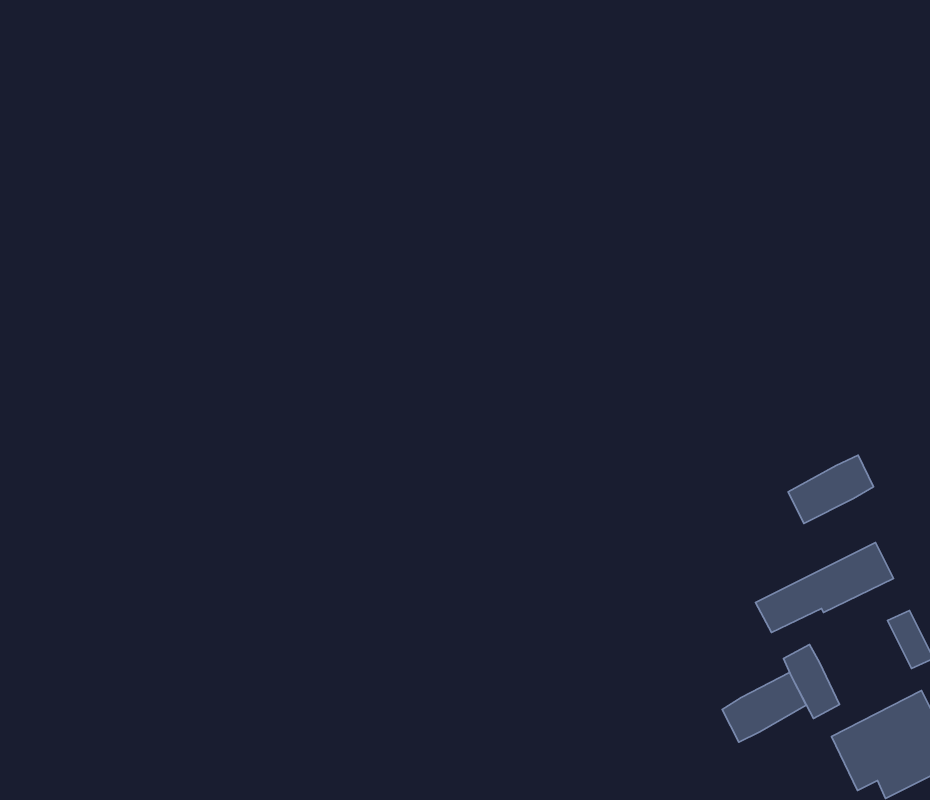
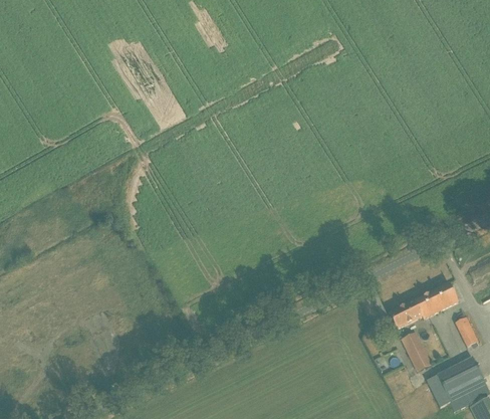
building: [788,455,874,523] -> none
building: [722,672,806,742] -> none

